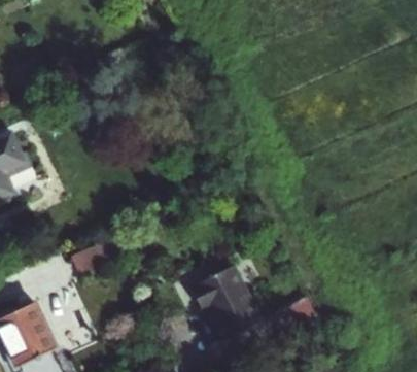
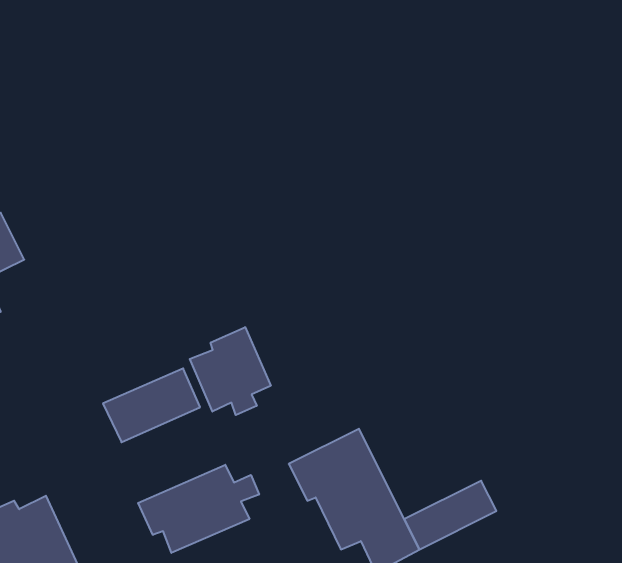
building: none -> [190,327,271,415]
building: none -> [138,465,259,553]

